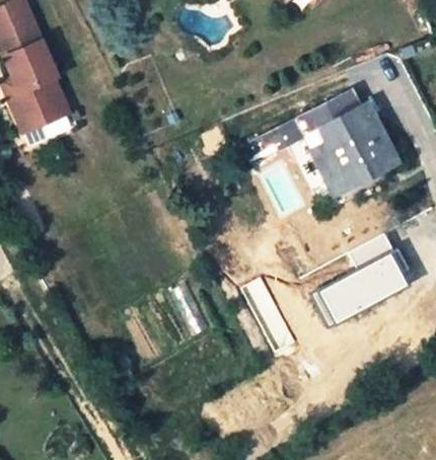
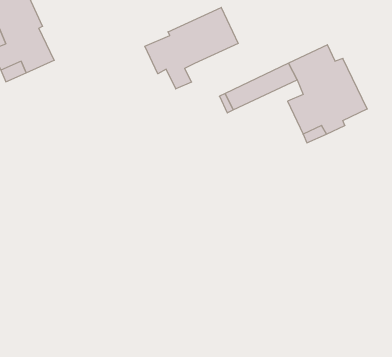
building: none -> [145,7,238,89]
building: [321,234,410,324] -> none

